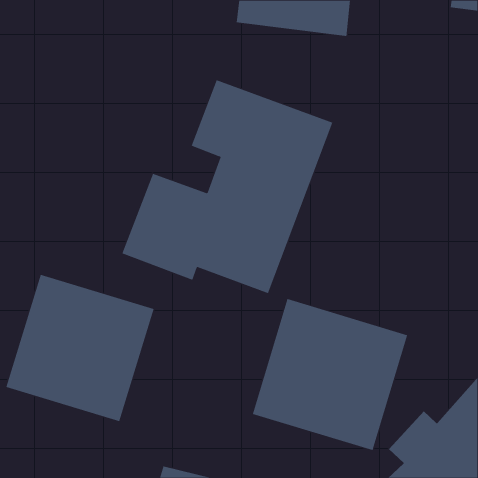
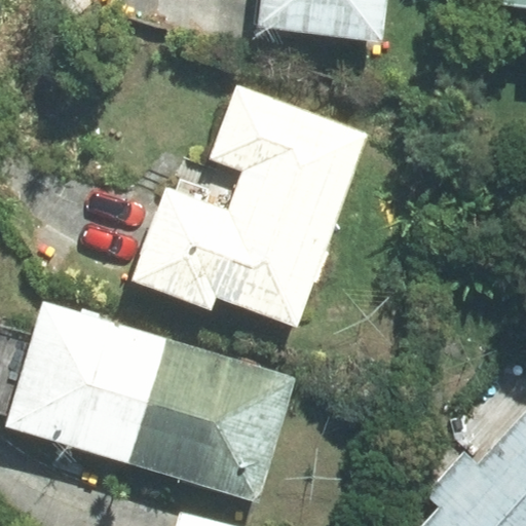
building: [252,298,408,451] -> none
building: none -> [132,339,294,501]

